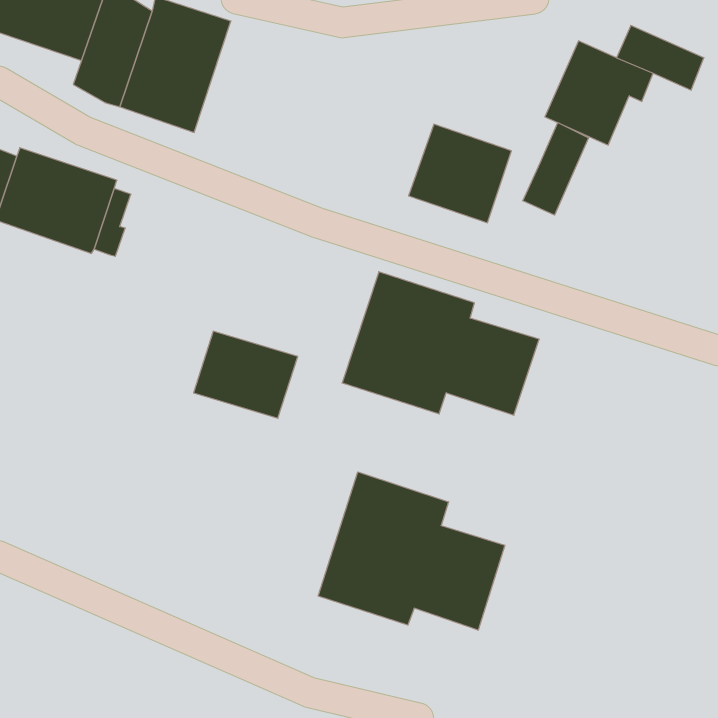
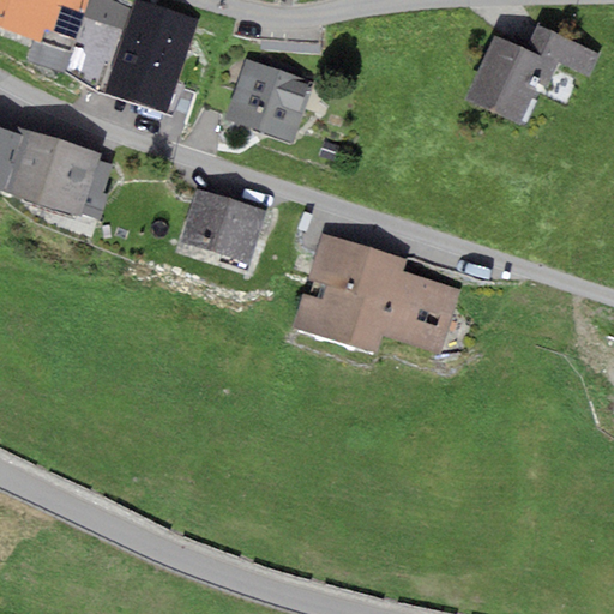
building: [523,123,588,215] -> none
building: [409,124,511,223] -> [224,59,312,143]
building: [194,331,298,418] -> [177,188,266,263]
building: [318,472,505,630] -> none

